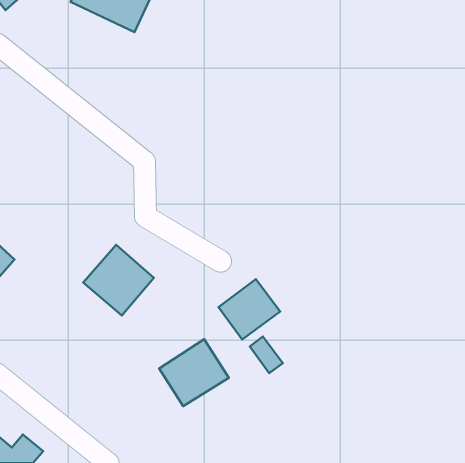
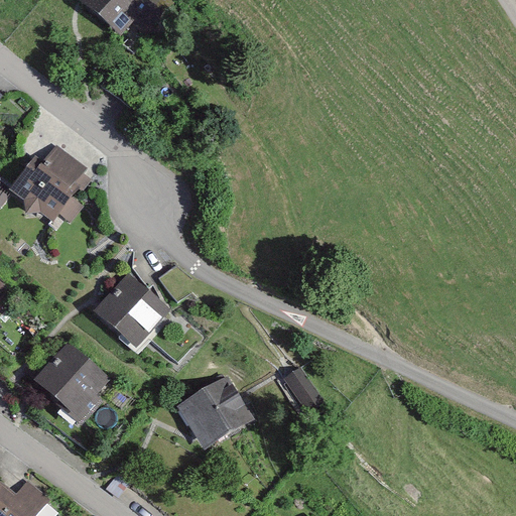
building: none -> [20,155,91,230]
building: [219,279,280,340] -> none
building: none -> [30,339,113,419]

